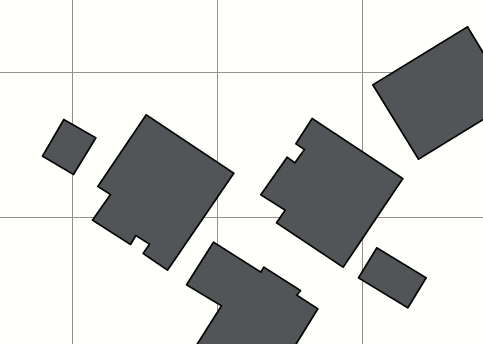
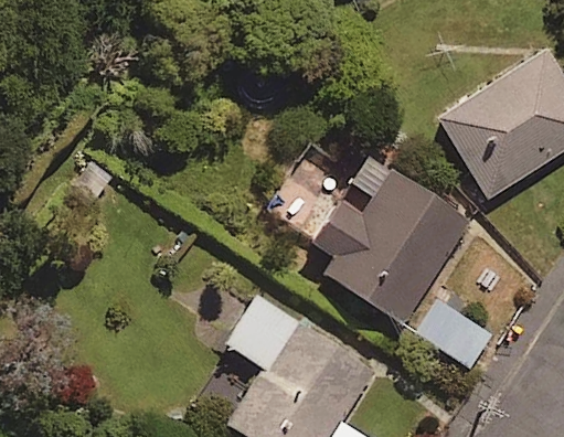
building: [93,115,234,270] -> none

